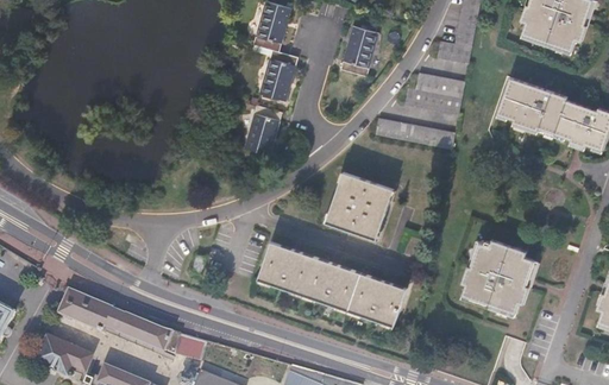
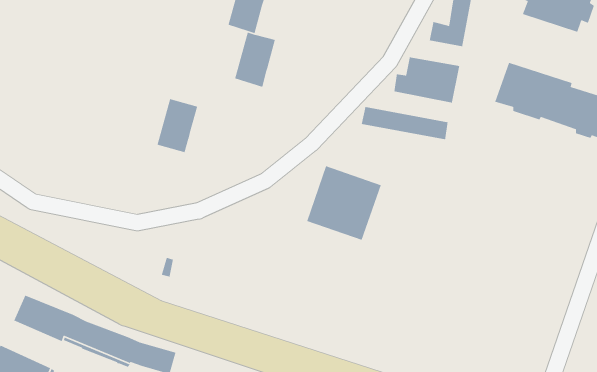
building: [340,26,378,76] -> none
building: [244,106,282,156] -> [156,98,198,153]
building: [460,239,534,314] -> none
building: [257,241,407,327] -> none

